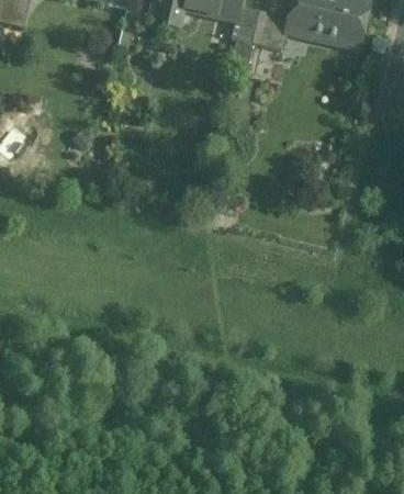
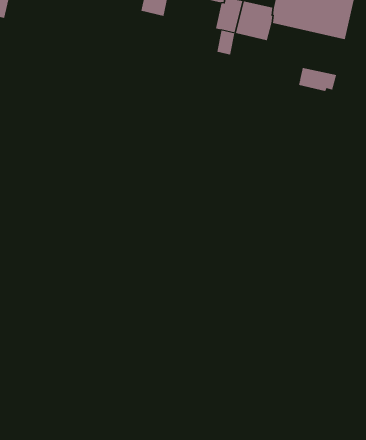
building: none -> [298,67,337,92]

